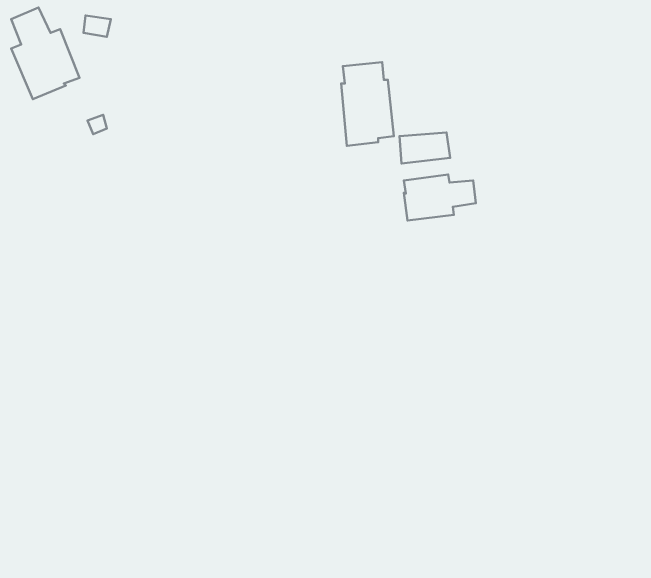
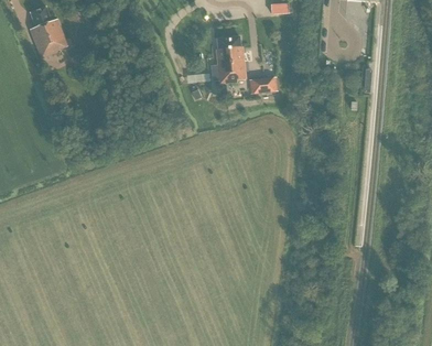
building: [404,175,476,220] -> none

